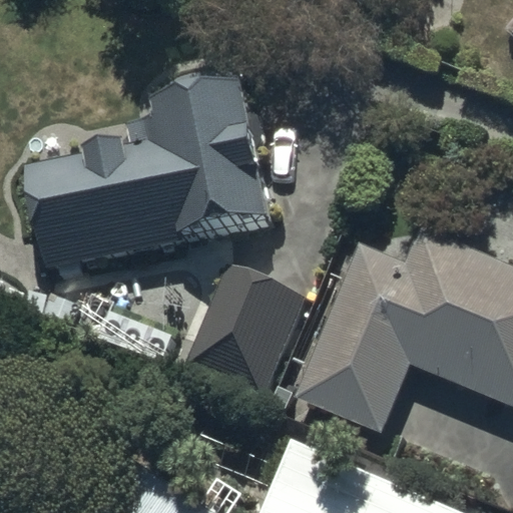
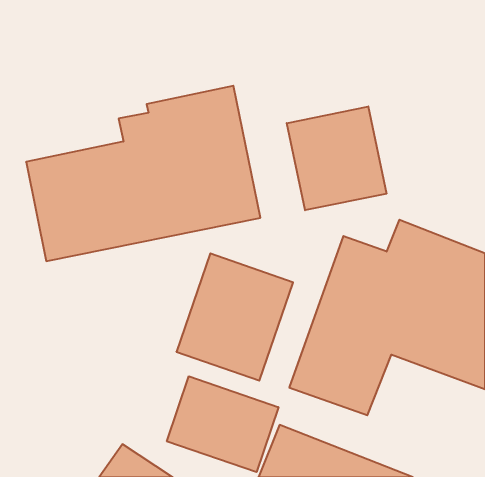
building: none -> [287,106,386,210]
building: none -> [167,376,278,472]

